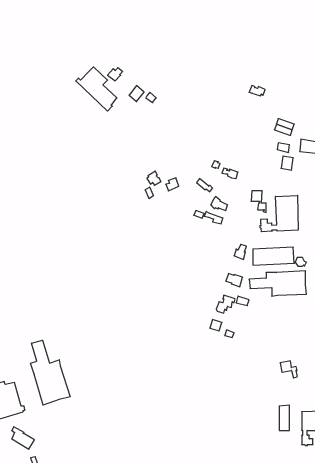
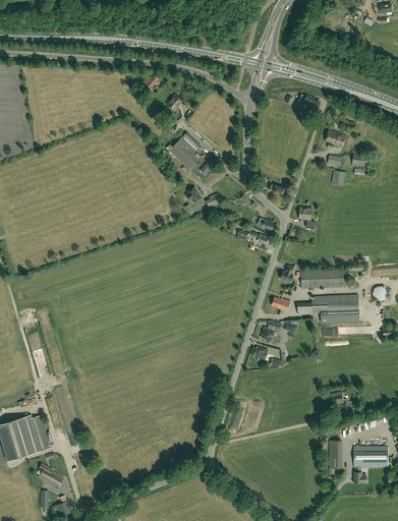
building: [76,67,117,111] -> [167,132,212,180]
building: [260,195,298,232] -> none
building: [30,340,70,405] -> none

